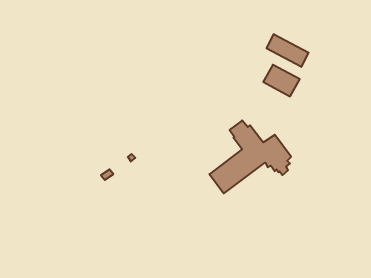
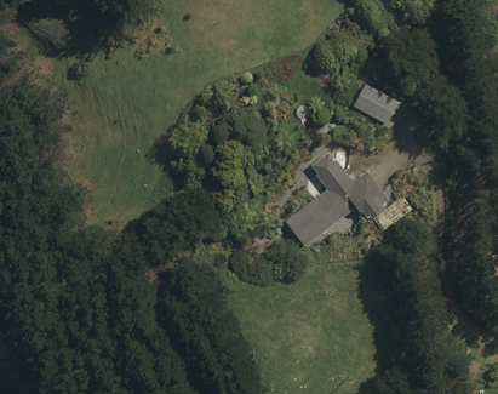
building: [267,34,309,67] -> none

